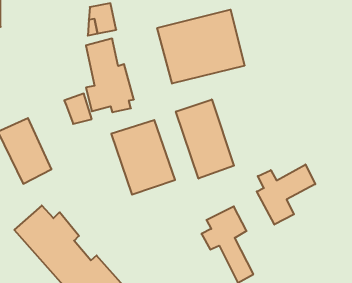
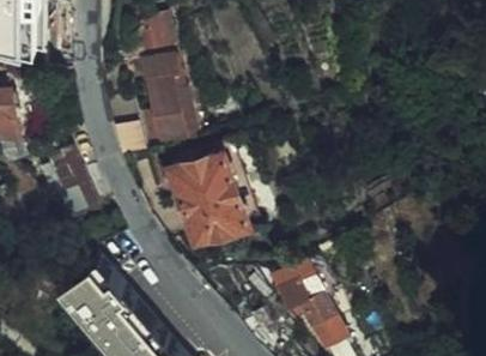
building: [157,10,244,84] -> none
building: [176,99,234,179] -> none
building: [257,164,315,225] -> none

